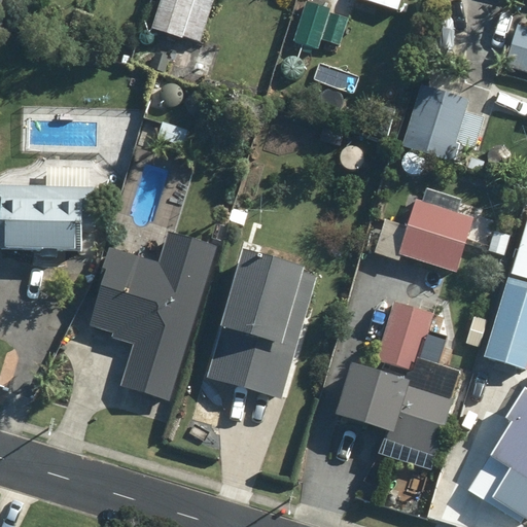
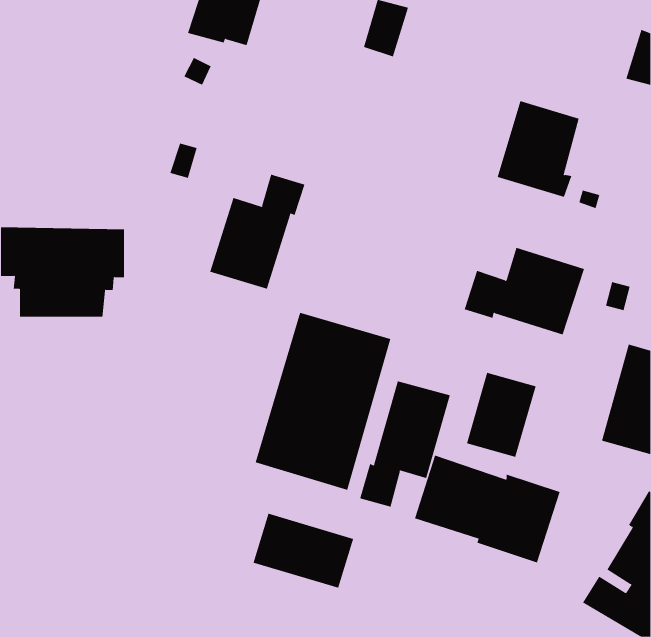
building: none -> [209,174,305,289]
building: [90,229,217,397] -> none
building: none -> [359,381,450,507]
building: none -> [253,513,354,588]

